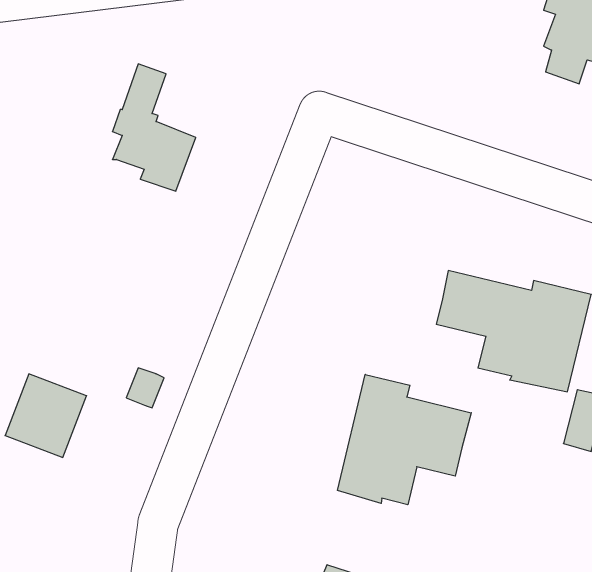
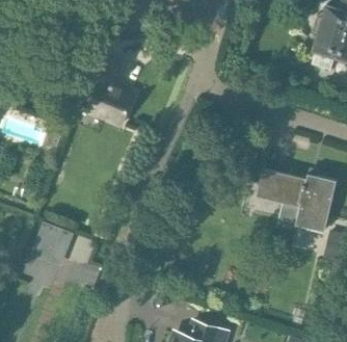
building: [337,374,471,505] -> none

